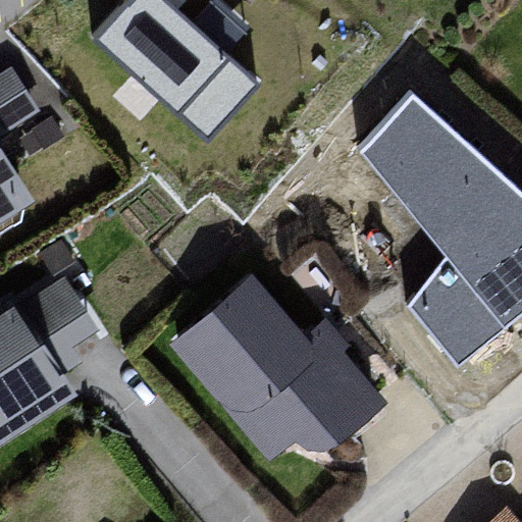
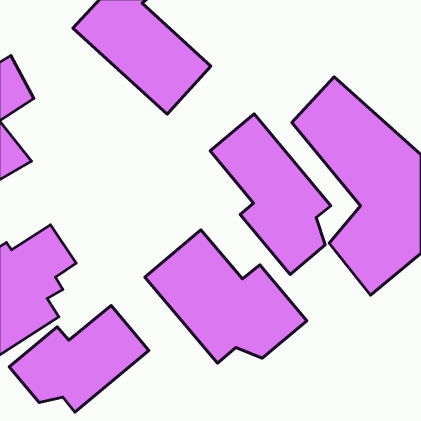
building: none -> [210,114,331,274]
building: none -> [9,305,149,412]

